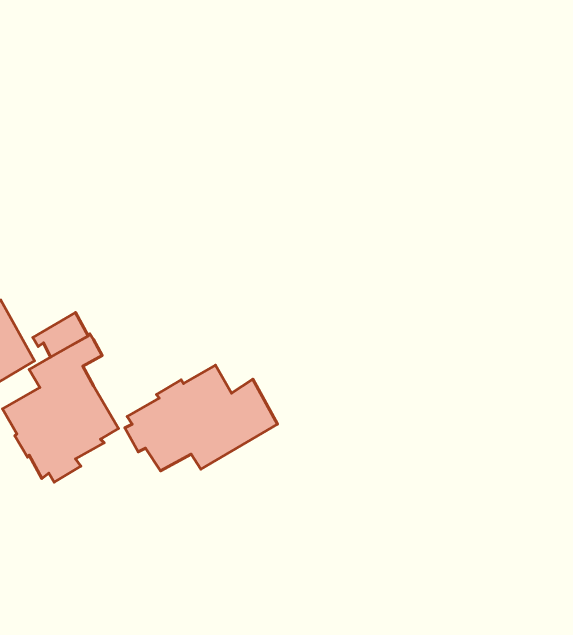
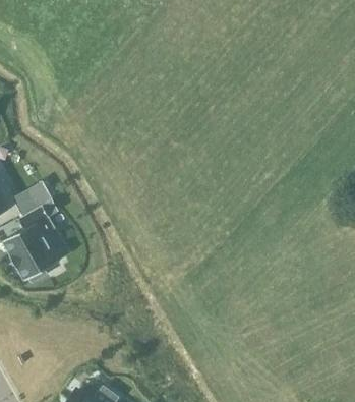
building: [125,365,277,471] -> none

